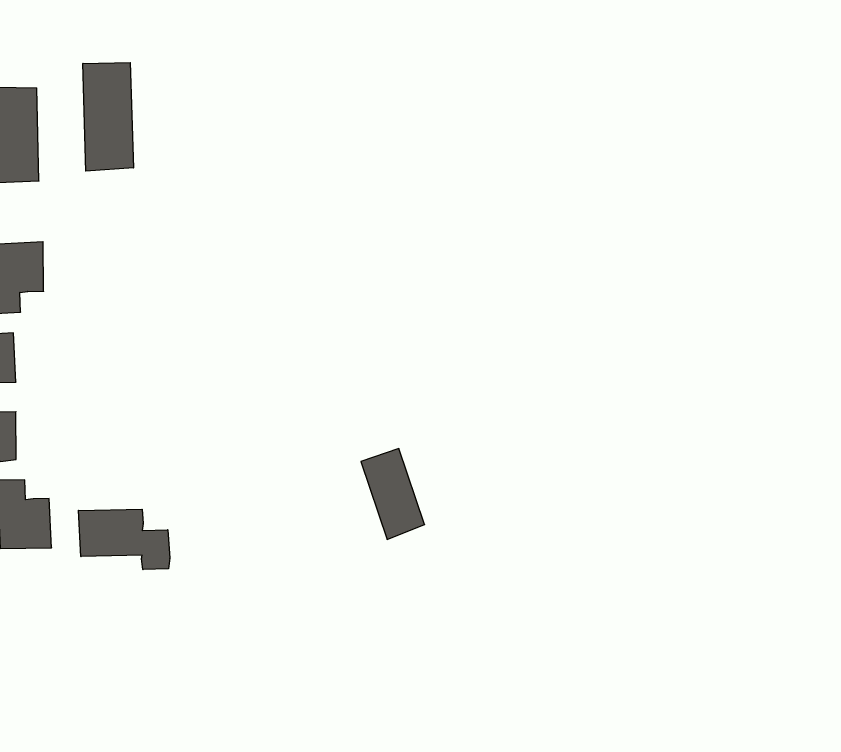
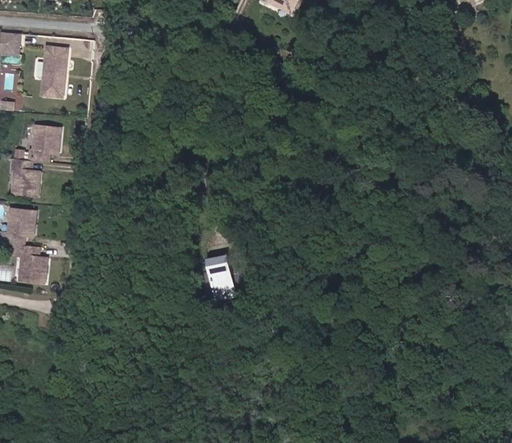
building: [83,63,133,171] -> none
building: [78,509,170,570] -> none

